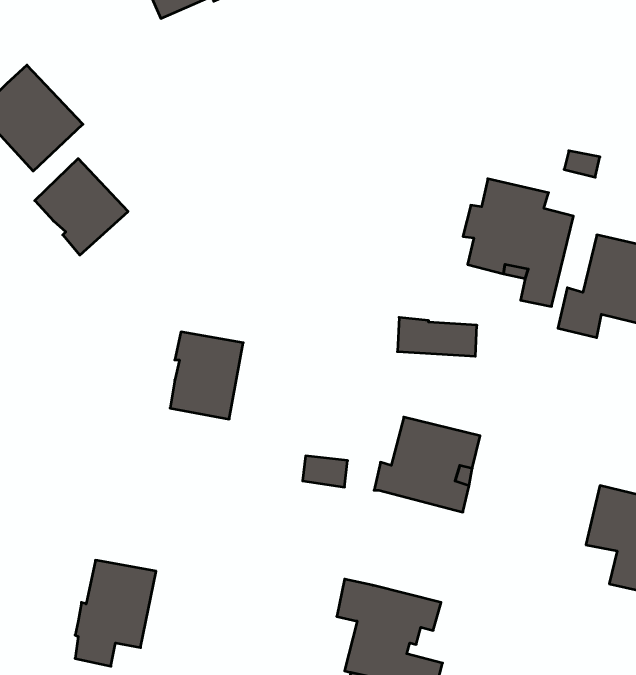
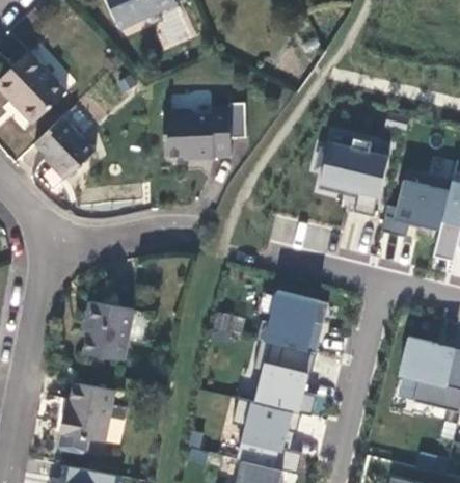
building: none -> [163,103,244,159]
building: [170,332,243,419] -> [82,303,131,361]
building: none -> [254,337,318,413]

